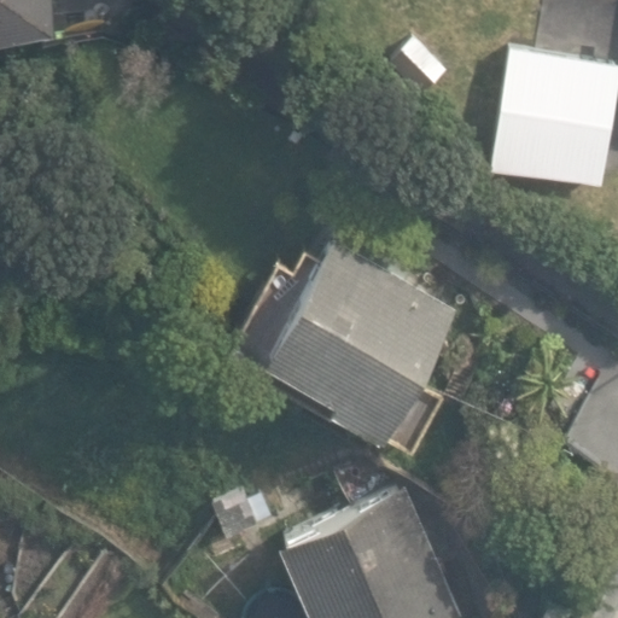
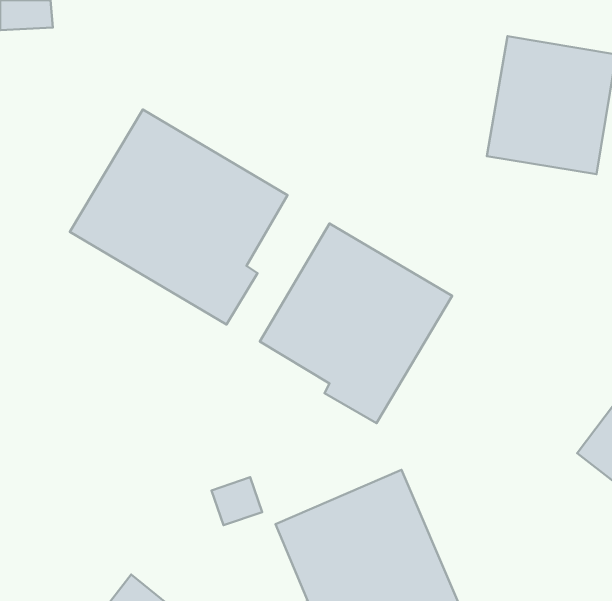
building: none -> [70,109,288,324]

